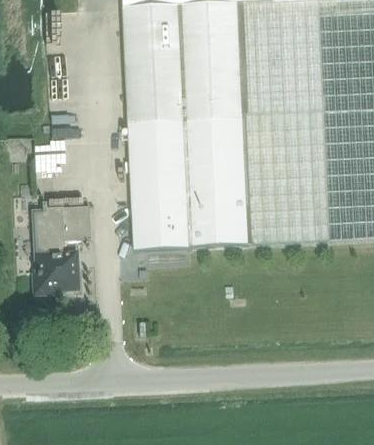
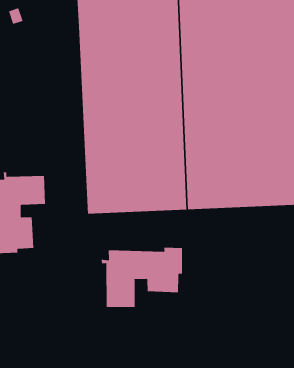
building: none -> [101,247,183,308]

